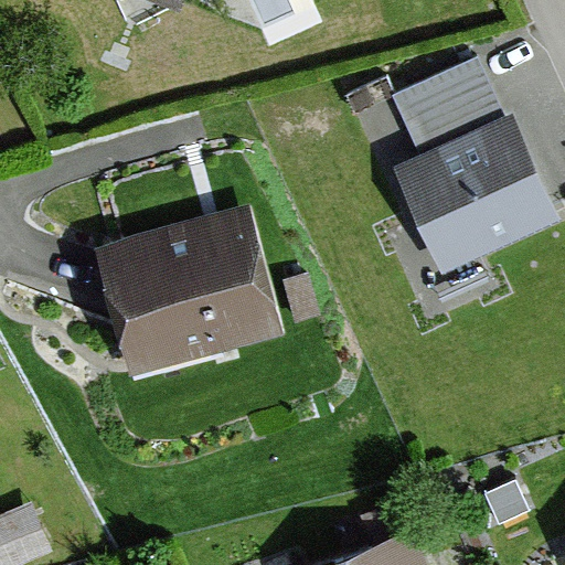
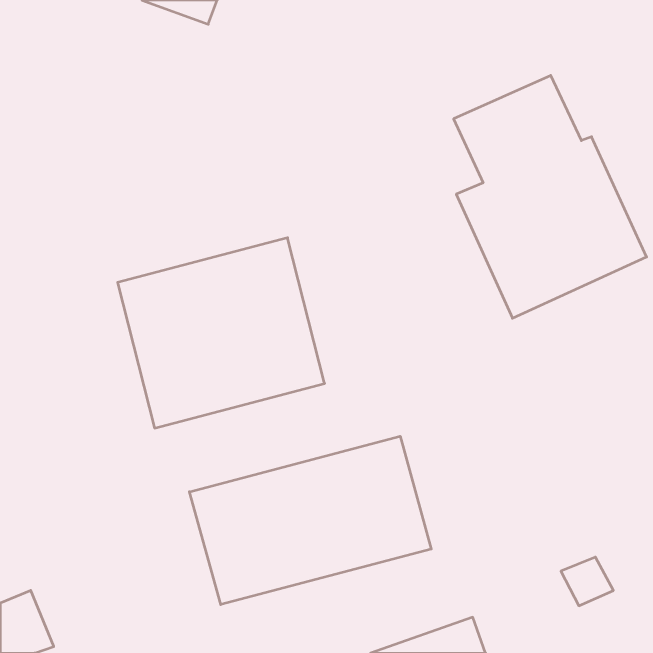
building: none -> [189,436,431,605]

